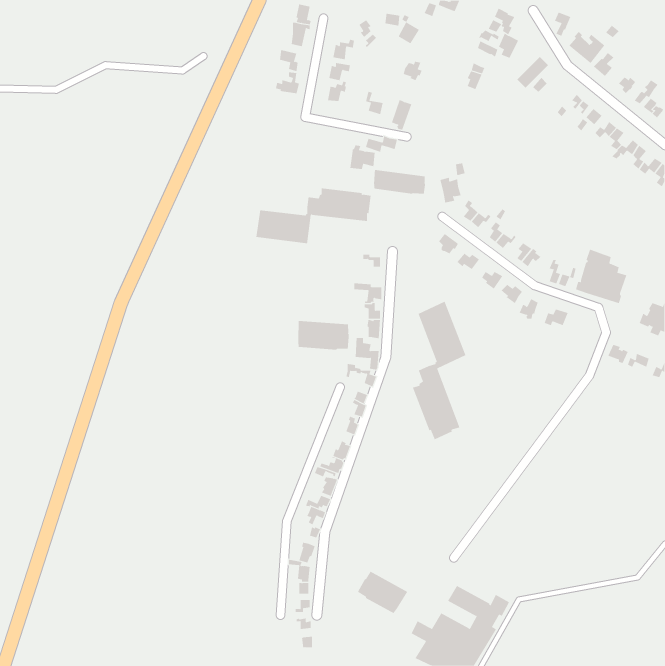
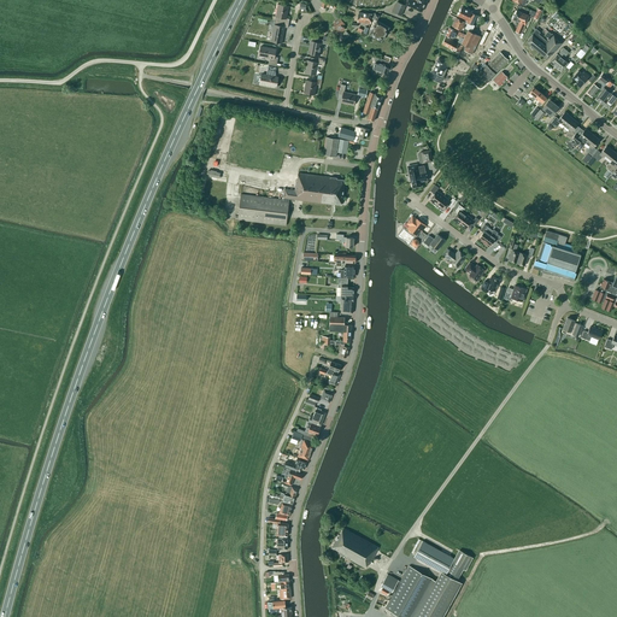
building: [374,169,426,195] -> none
building: [412,301,466,440] -> none
building: [298,320,350,351] -> none

